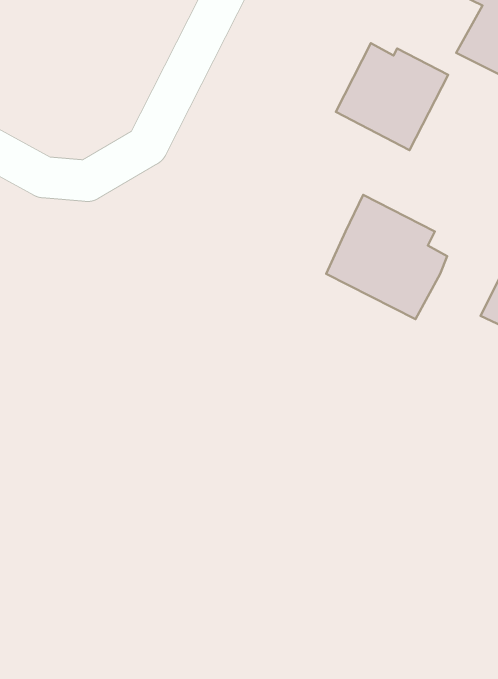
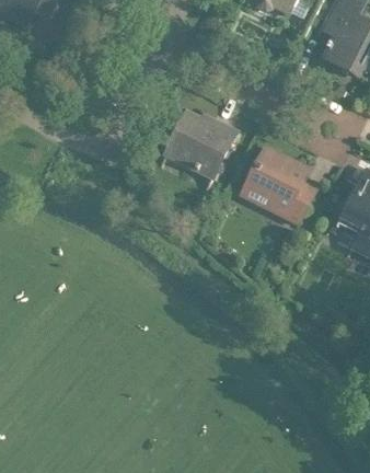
building: [336,43,448,150] -> [163,111,233,177]

